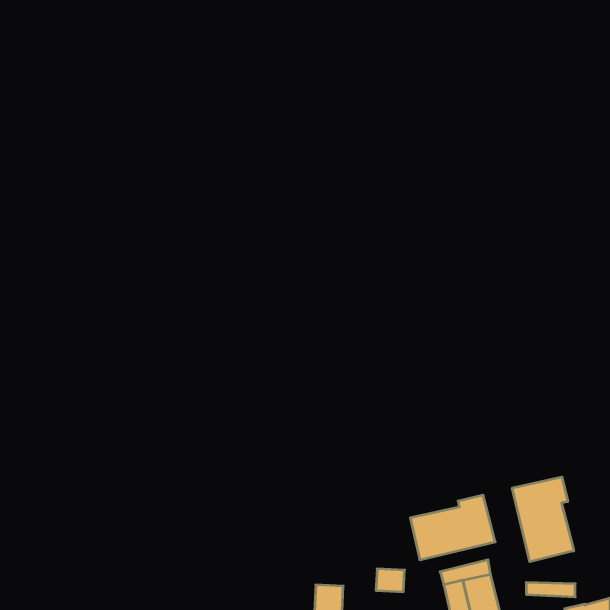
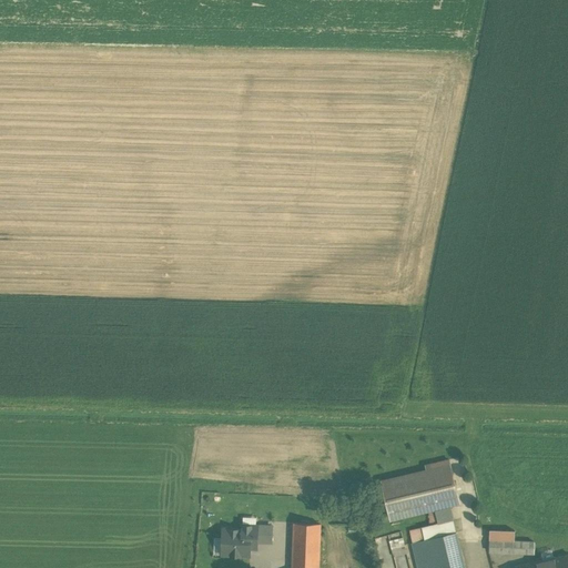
building: [512,477,574,562] -> none
building: none -> [217,519,274,561]
building: [376,569,405,592] -> [293,524,320,545]

